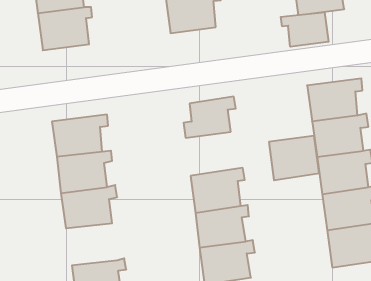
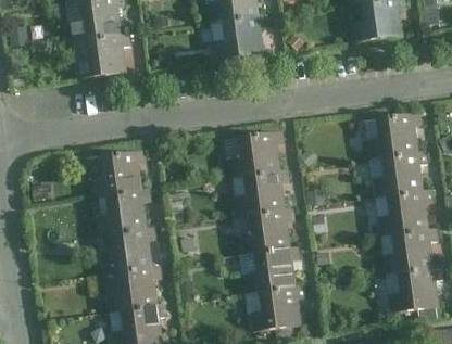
building: [281,12,329,47] -> none
building: [269,136,319,180] -> [231,168,286,216]
building: none -> [102,265,162,313]

